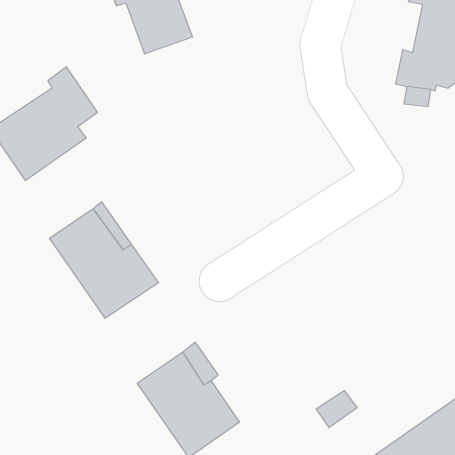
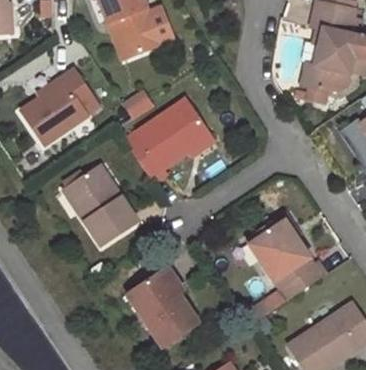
building: none -> [124,96,207,179]
building: none -> [245,220,326,303]

